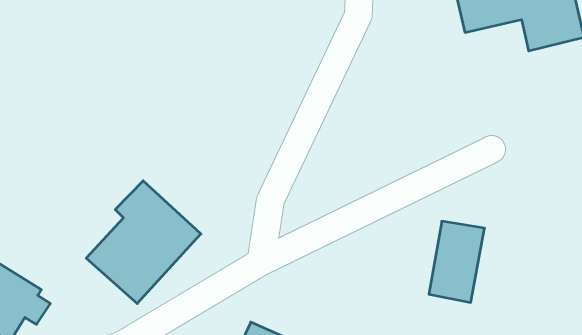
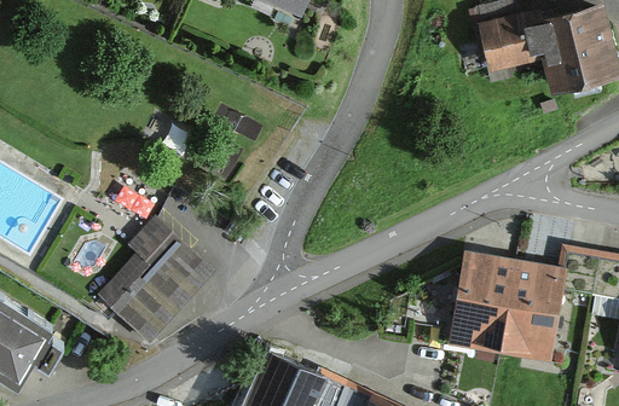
building: none -> [498,265,557,350]

